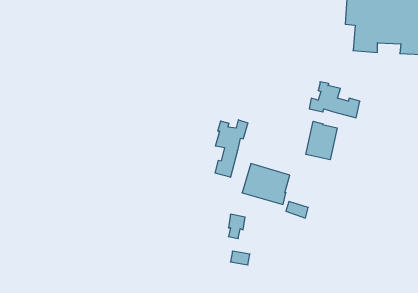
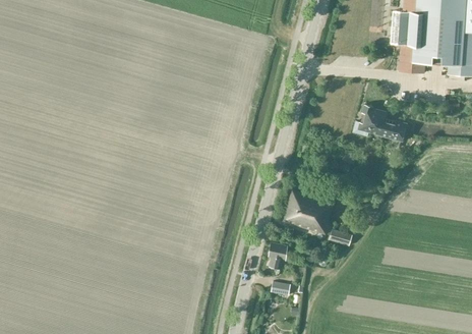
building: [215,120,248,177] -> none
building: [306,121,337,160] -> none

